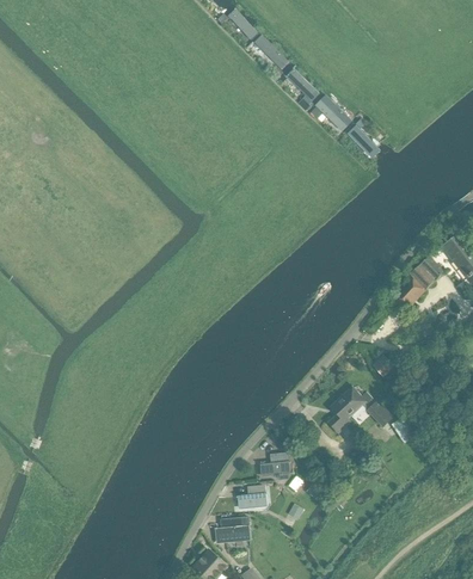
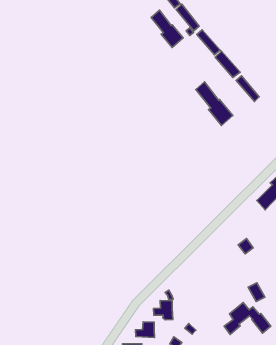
building: none -> [151,10,183,48]
building: none -> [196,82,233,125]
building: [328,387,394,433] -> [224,302,271,334]

